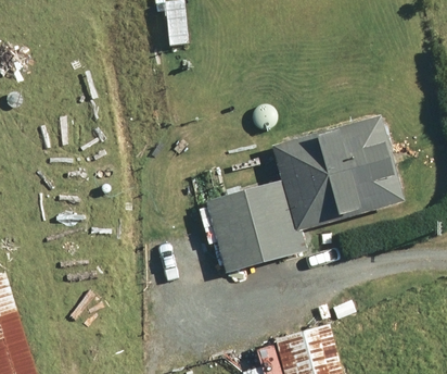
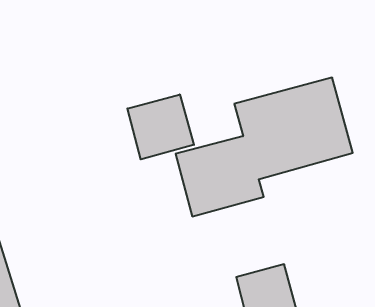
building: none -> [127,94,194,159]

